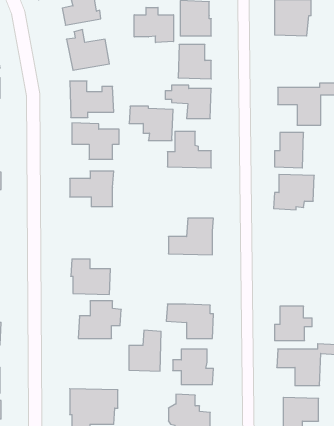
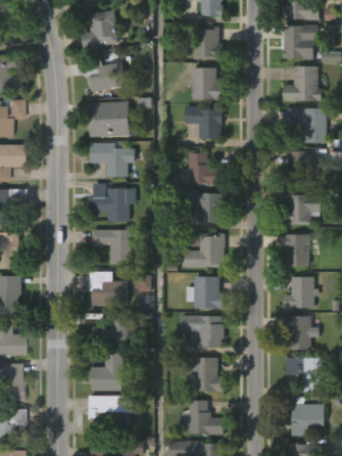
building: [134,7,173,43] -> none
building: none -> [283,65,324,101]
building: [129,106,173,141] -> [181,190,223,223]
building: none -> [92,229,133,265]
building: none -> [286,233,319,266]
building: none -> [187,277,223,309]
building: none -> [284,277,324,309]
building: [129,330,161,371] -> [92,353,123,392]

